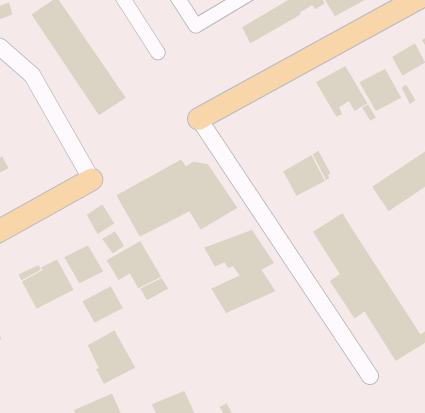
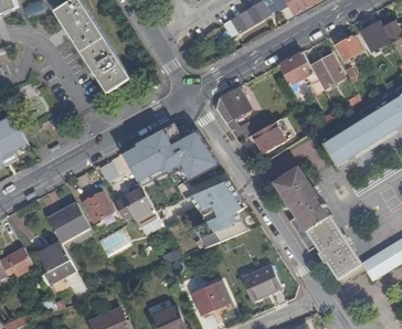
building: none -> [216,86,254,142]
building: [87,330,136,385] -> [36,241,75,284]
building: none -> [241,266,279,300]
building: none -> [189,279,232,316]

